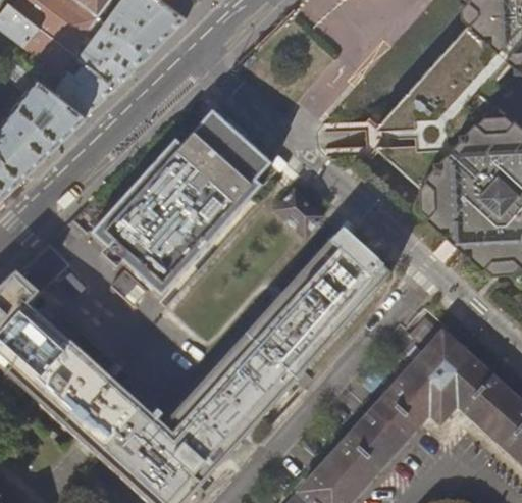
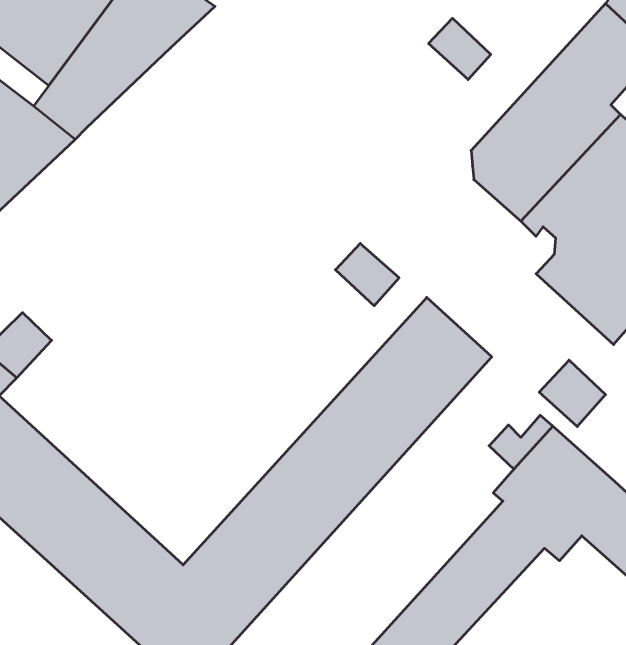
building: none -> [429,18,491,80]
building: [92,110,268,294] -> none
building: none -> [539,360,606,427]

